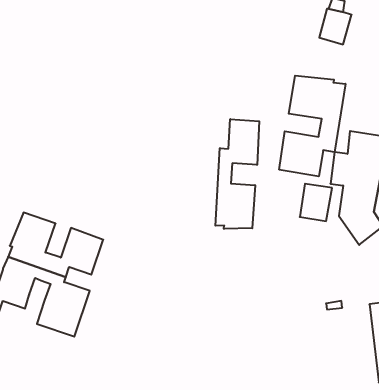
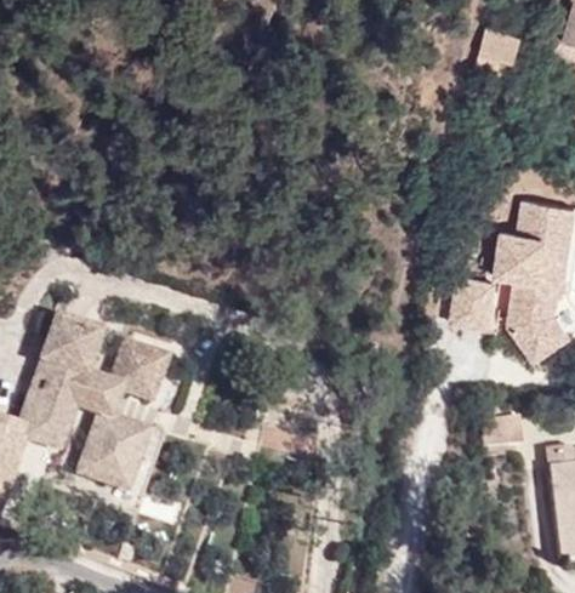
building: [279,76,345,176] -> none
building: [215,119,259,229] -> none

